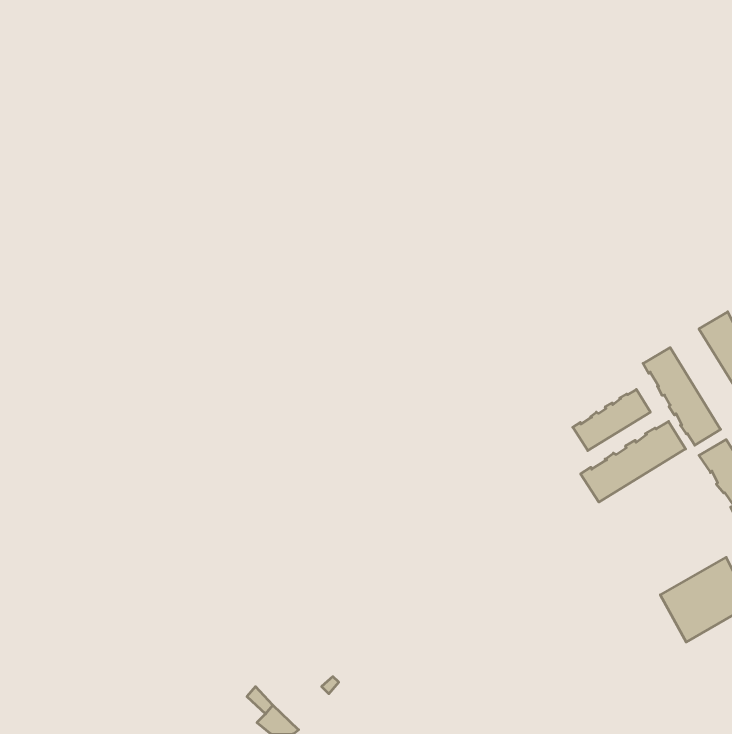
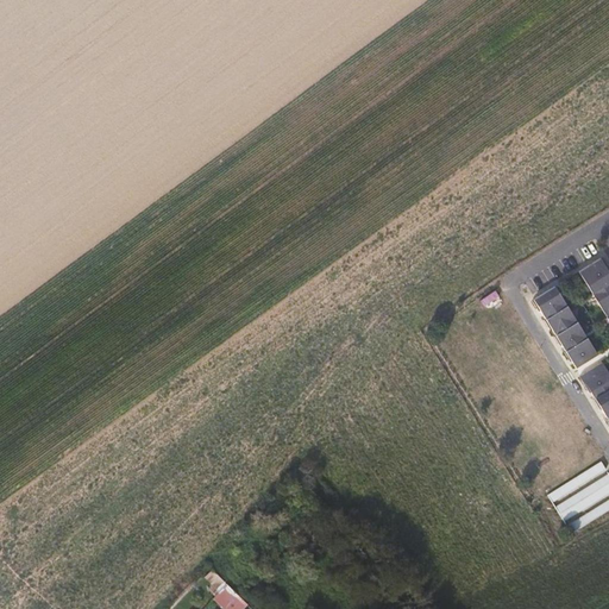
building: [573,389,650,451] -> none
building: [581,421,686,502] -> none

